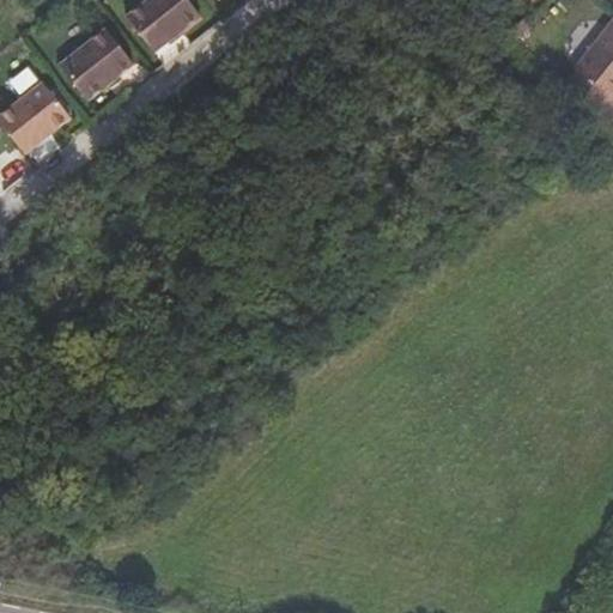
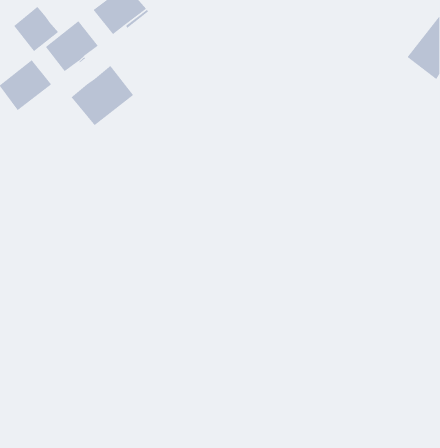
building: none -> [13,6,59,52]
building: none -> [71,65,134,126]

